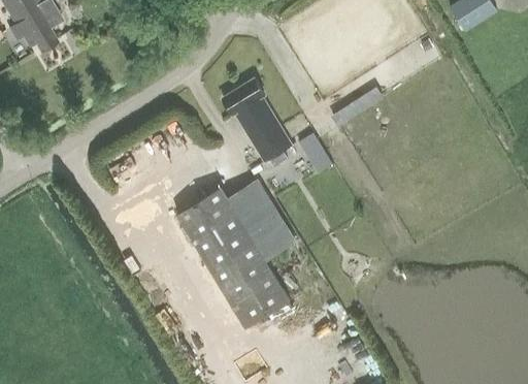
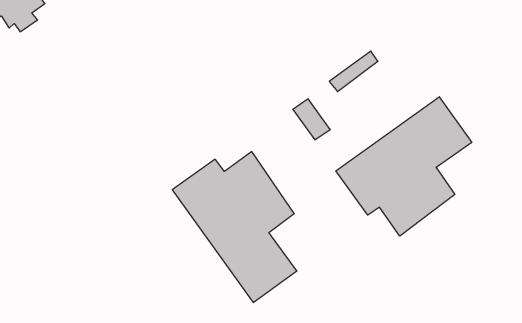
building: [223,77,291,162] -> none
building: none -> [336,97,472,236]

